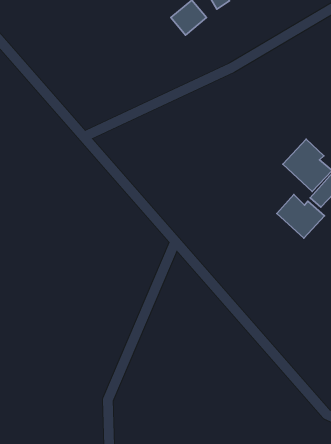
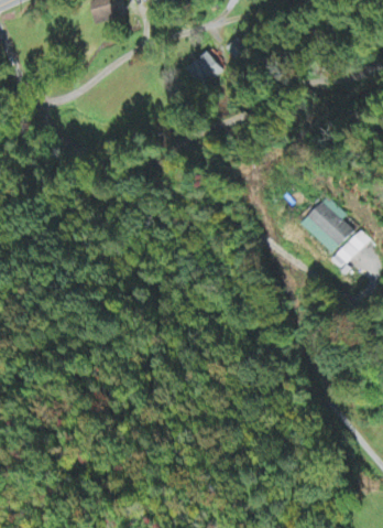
building: [277,194,324,238] -> none

